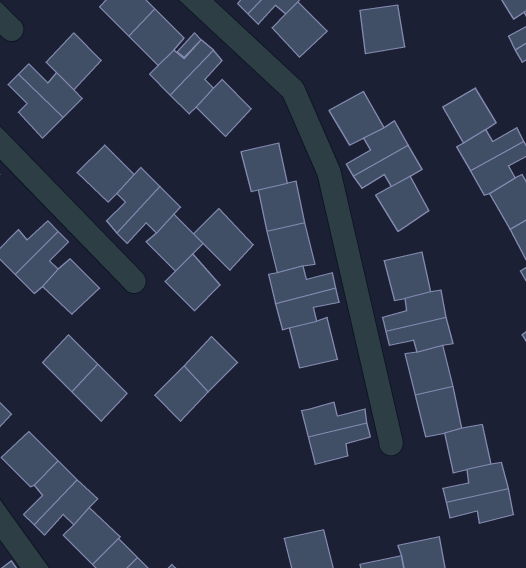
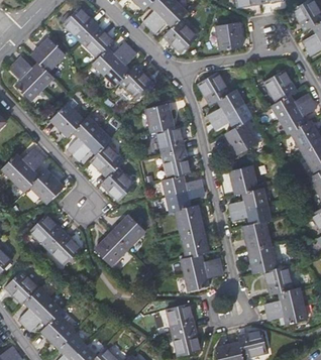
building: [194,209,253,270] -> none
building: none -> [181,229,208,258]
building: none -> [167,305,195,334]

